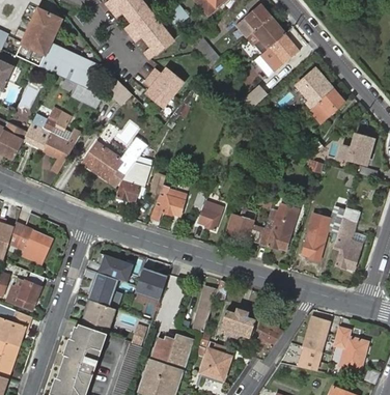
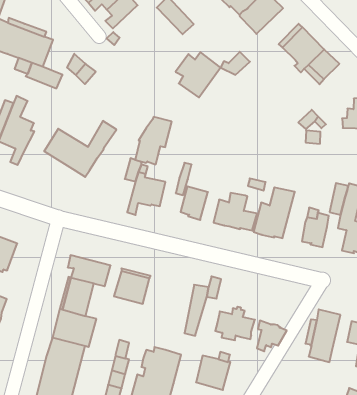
building: [144,67,184,107] -> [176,52,221,97]
building: [116,161,150,202] -> [135,117,172,164]

